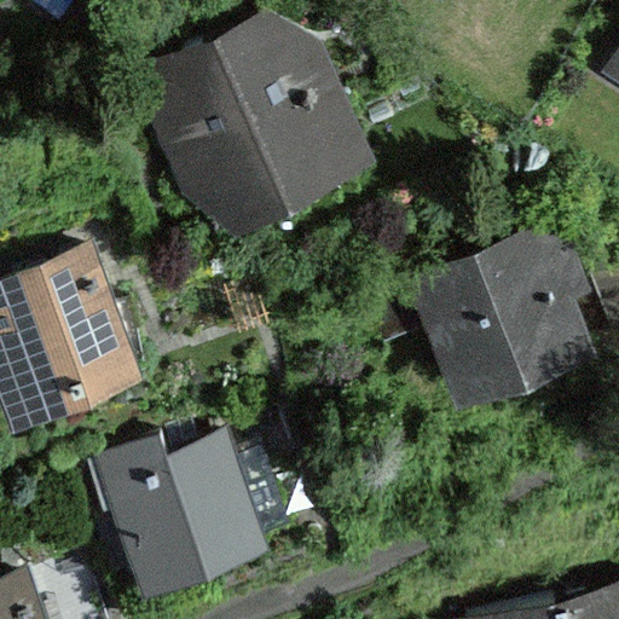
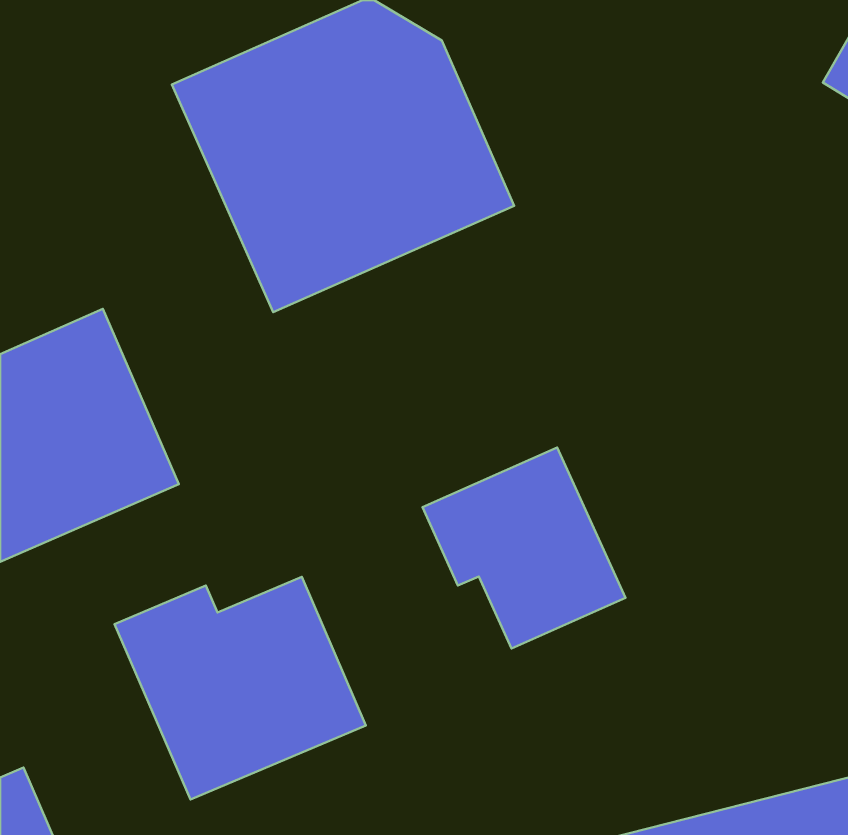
building: [407,196,608,394] -> none
building: none -> [423,447,625,649]

